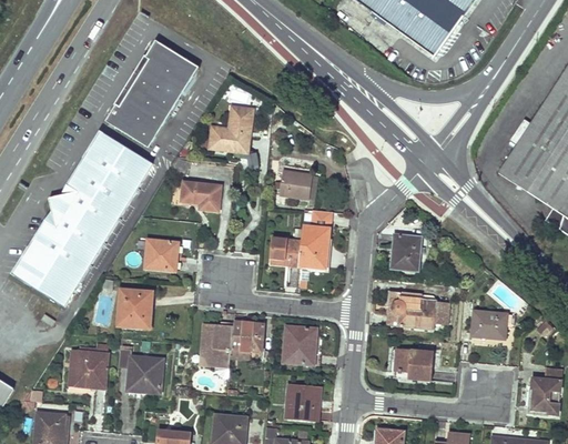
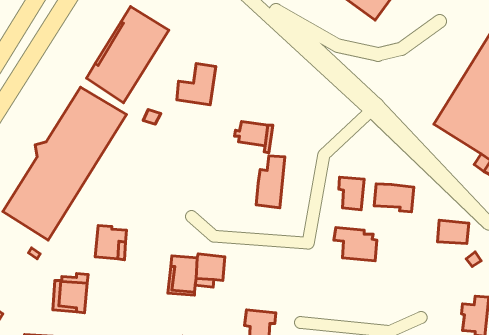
building: [181,182,220,211] -> none
building: [271,238,301,265] -> none
building: [144,240,178,271] -> none
building: none -> [374,184,414,212]
building: [470,311,506,337] -> [437,220,469,244]
building: [283,326,318,364] -> none
building: [119,349,162,393] -> none
building: [395,349,433,381] -> none

